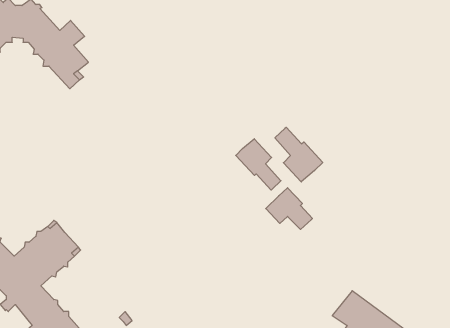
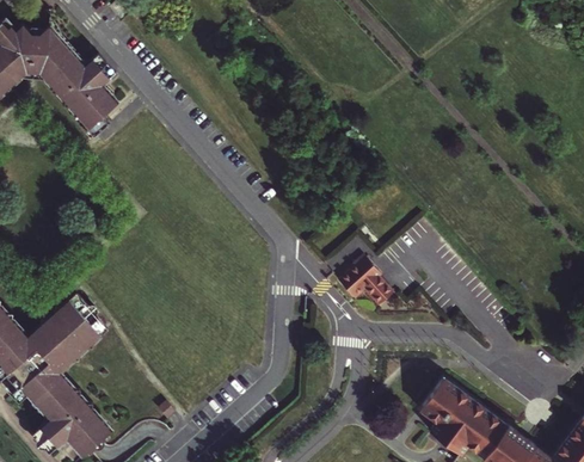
building: [275,127,323,182] -> none
building: [236,139,281,190] -> none

